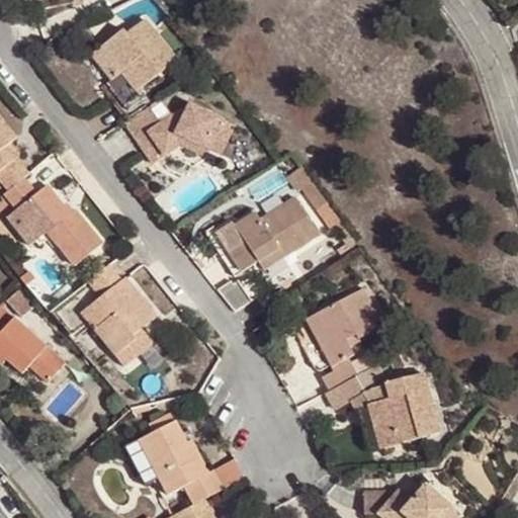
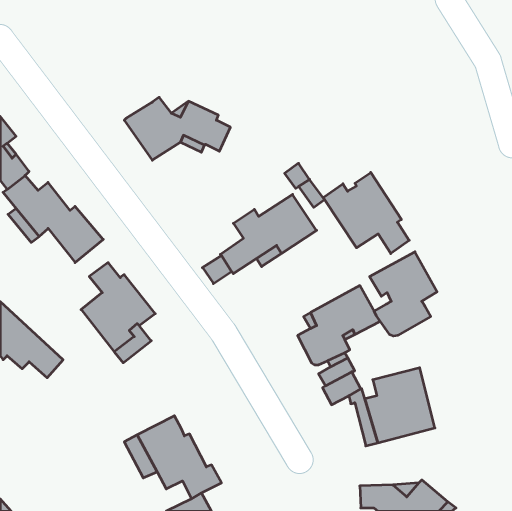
building: [91,18,176,119] -> none
building: none -> [323,172,409,254]
building: none -> [370,252,437,336]

